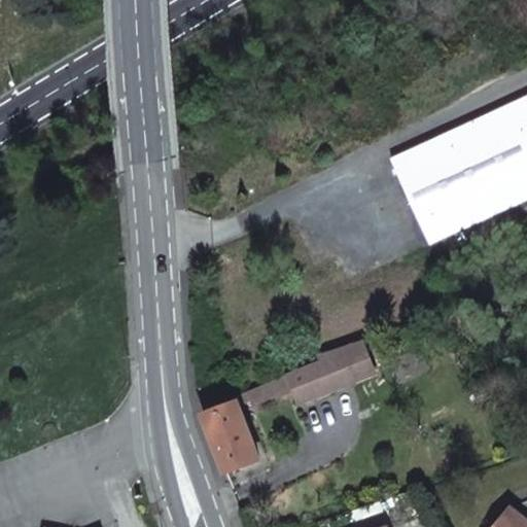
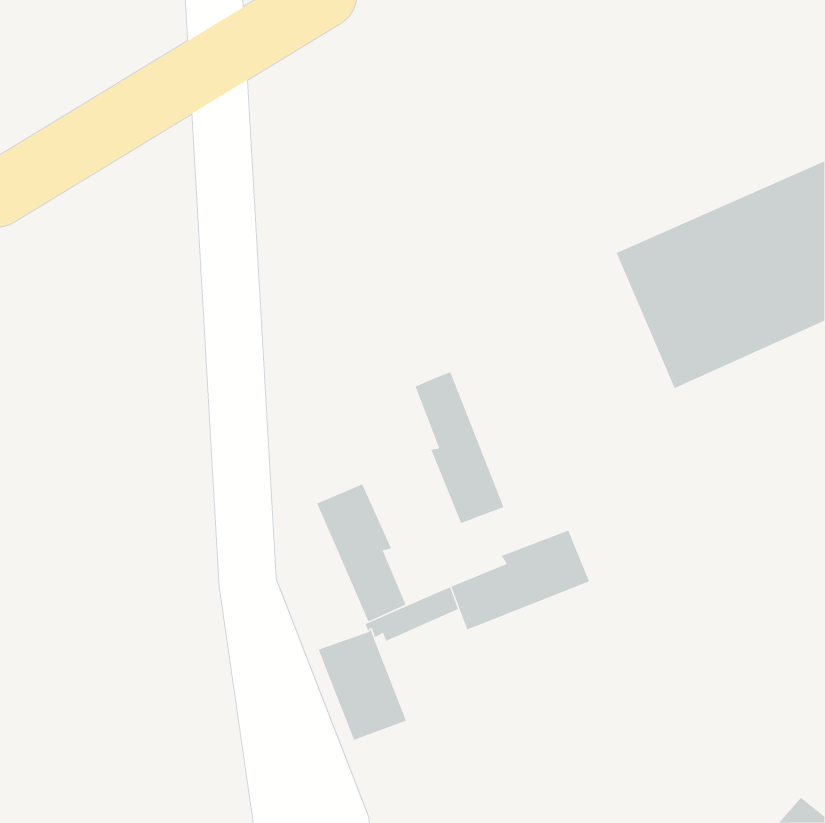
building: none -> [415,371,504,524]
building: none -> [316,484,406,622]

